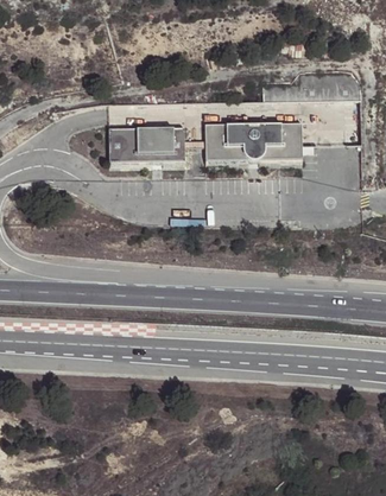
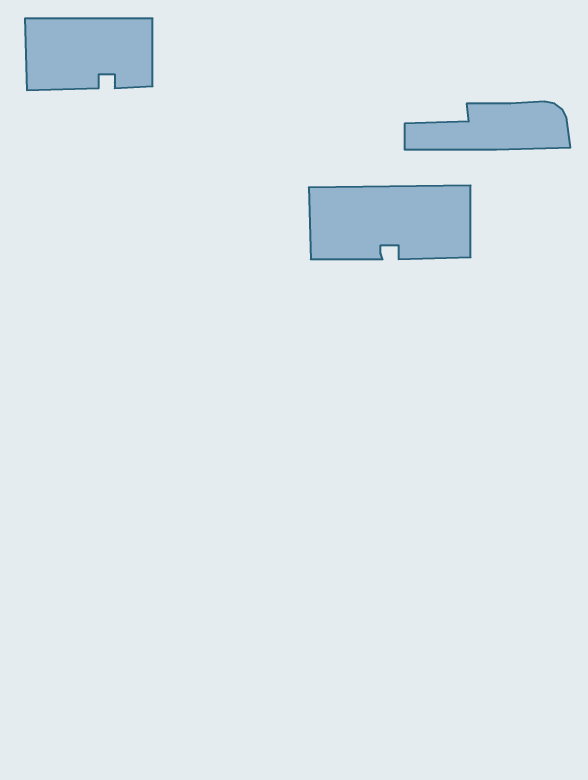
building: [108,126,184,168] -> [25,18,153,90]

